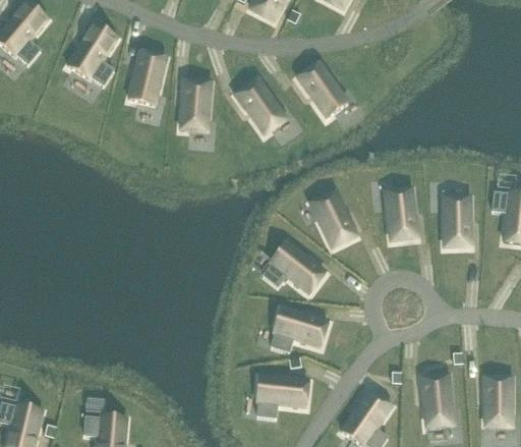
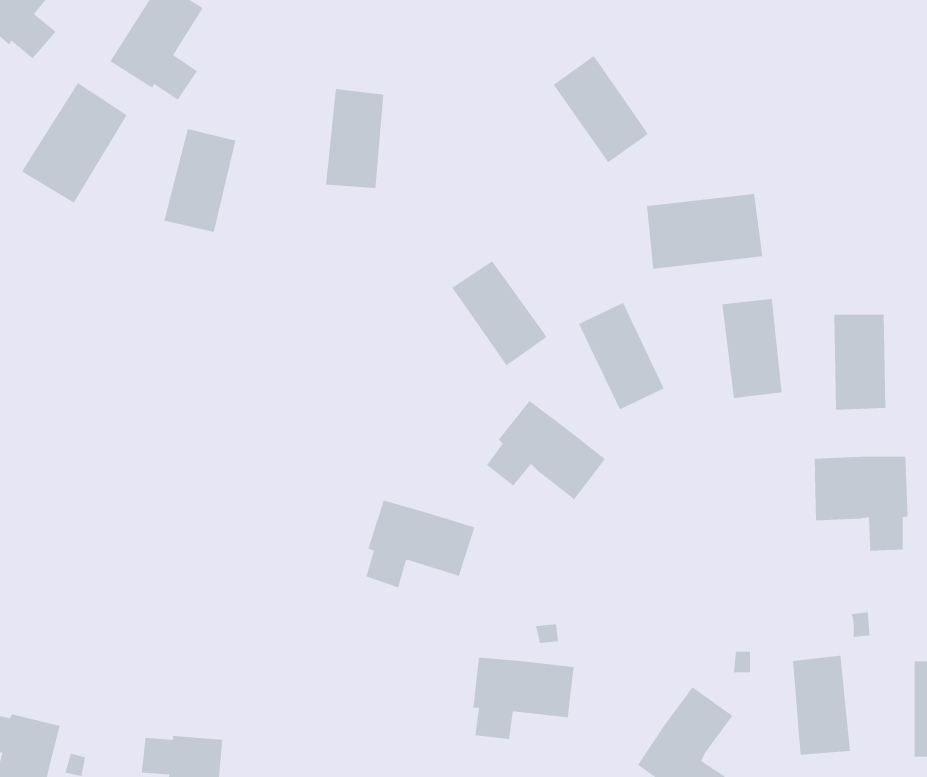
building: [128,50,166,104] -> [164,129,236,233]
building: none -> [21,82,128,204]
building: [235,78,285,133] -> [451,260,548,366]
building: none -> [646,193,763,269]
building: none -> [814,456,908,552]
building: [271,305,328,351] -> [365,500,475,588]

